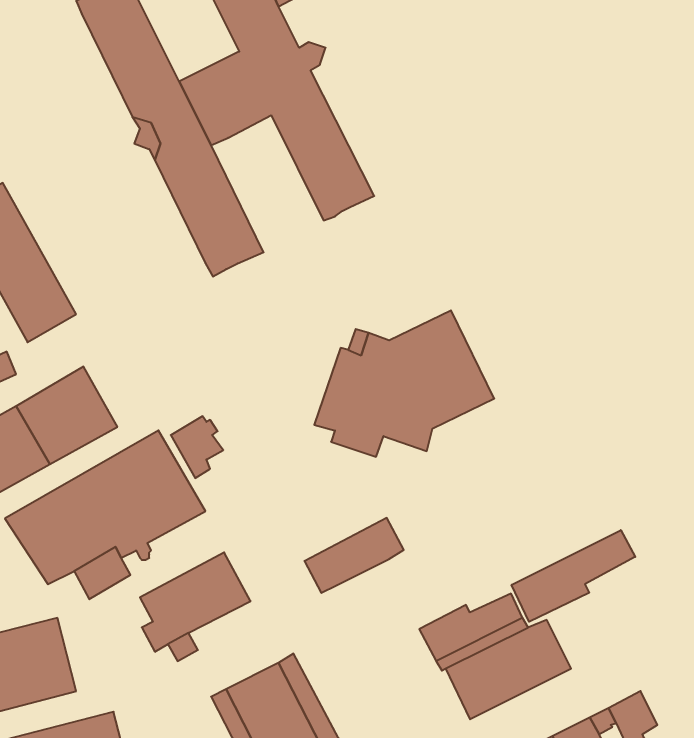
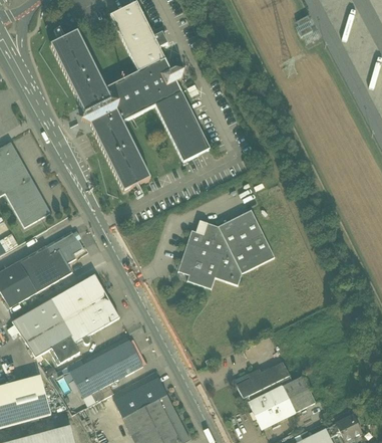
building: [171,416,223,478] -> [54,230,82,263]
building: [304,518,404,593] -> [113,377,166,417]
building: [512,530,635,622] -> none
building: none -> [69,364,92,398]

